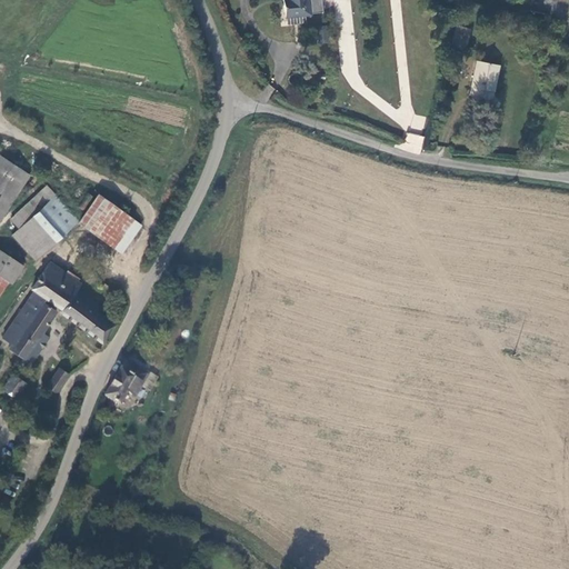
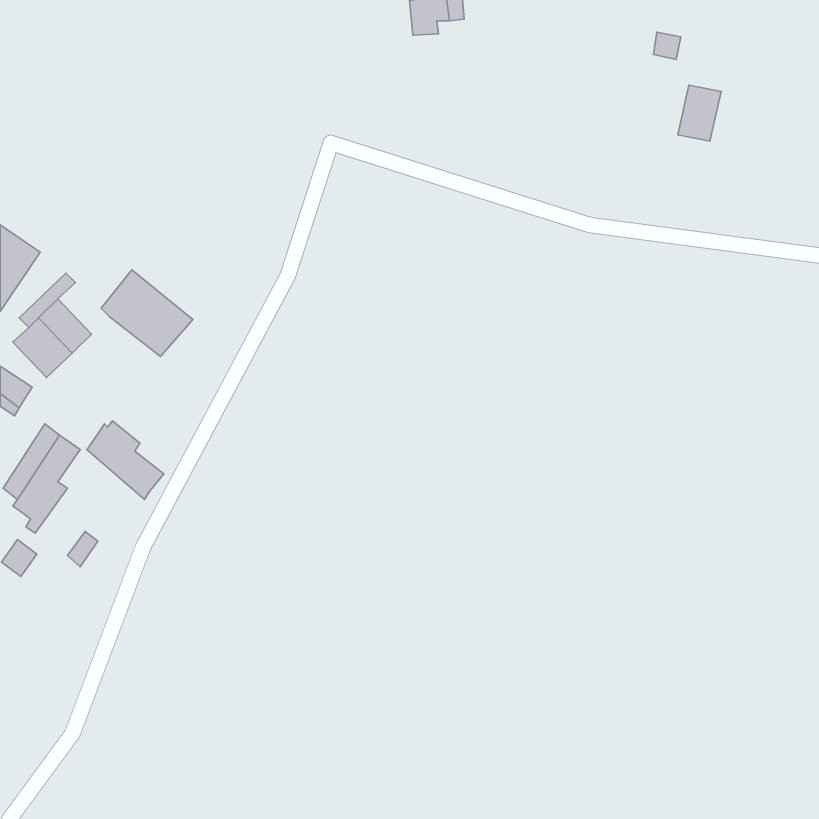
building: [41,196,77,231] -> none
building: [31,262,80,310] -> none
building: [103,361,148,407] -> none

